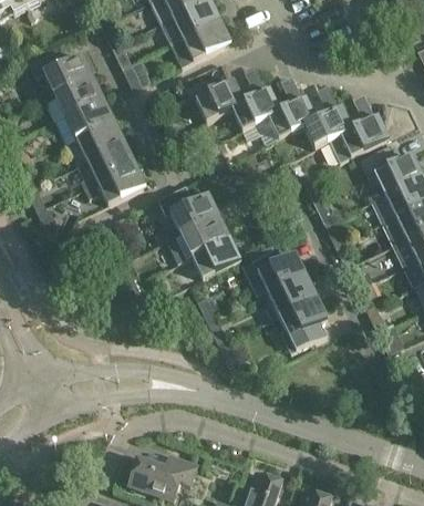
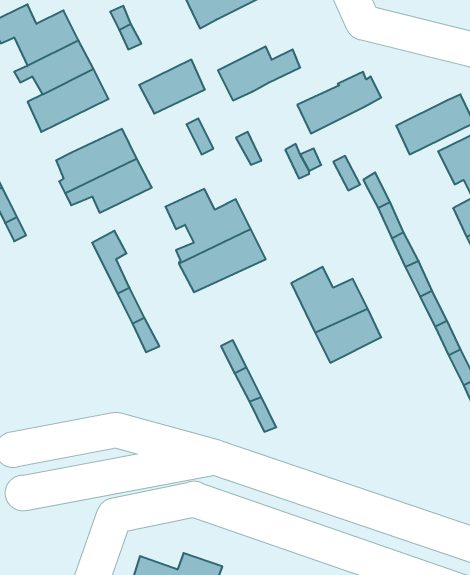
building: [234,90,286,128] -> none
building: [304,106,365,145] -> none
building: [76,118,125,158] -> [139,60,205,114]
building: [193,237,241,277] -> none
building: [279,295,327,351] -> none

